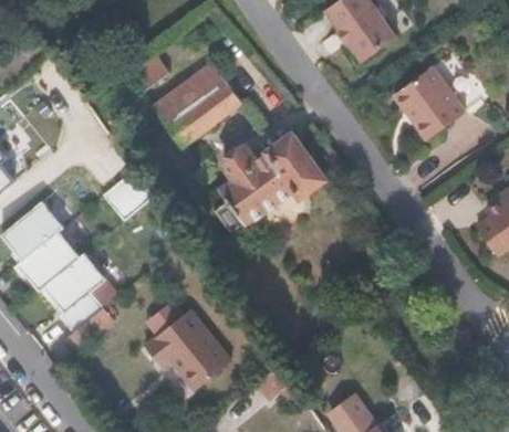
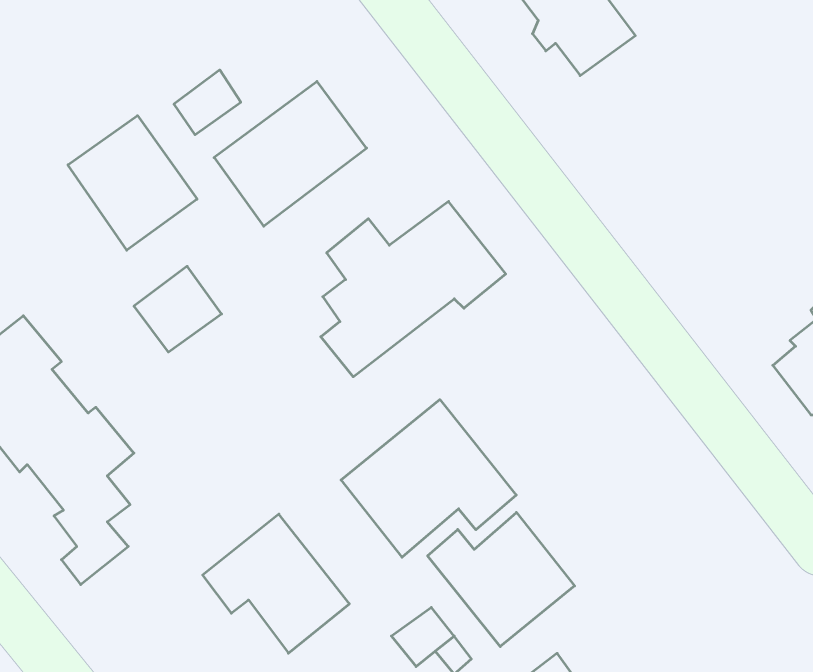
building: [394,65,467,141] -> none
building: none -> [68,116,197,250]
building: none -> [341,400,516,557]
building: none -> [428,512,575,647]

